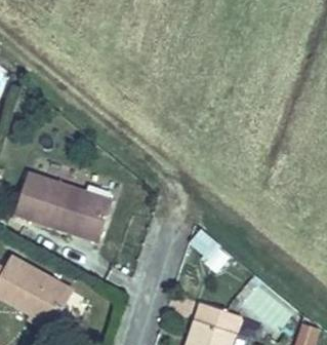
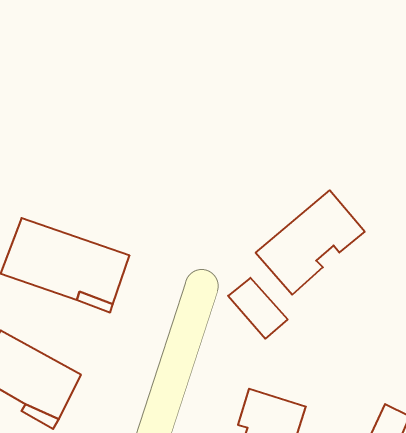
building: none -> [256,190,365,295]

